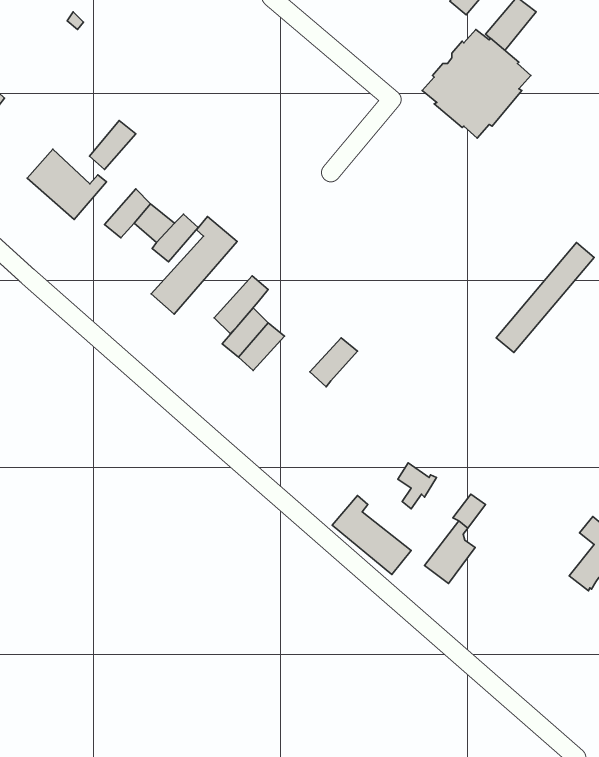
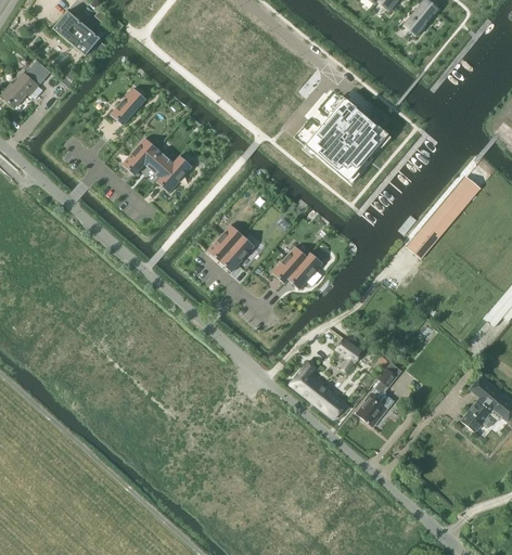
building: none -> [53,11,100,54]
building: [422,29,531,138] -> [306,100,385,179]
building: [27,149,107,219] -> none
building: [151,217,237,314] -> none
building: [214,276,268,333] -> none
building: none -> [287,253,322,287]

